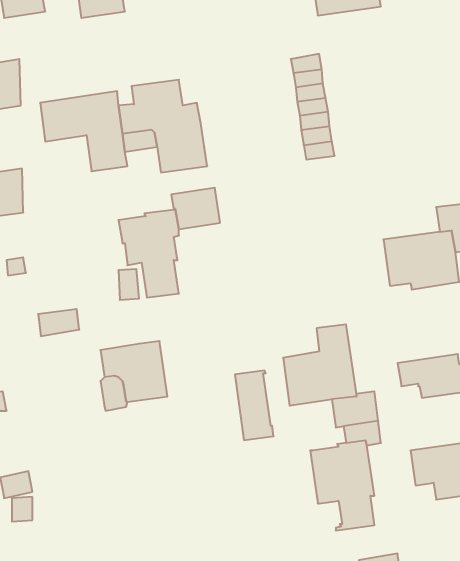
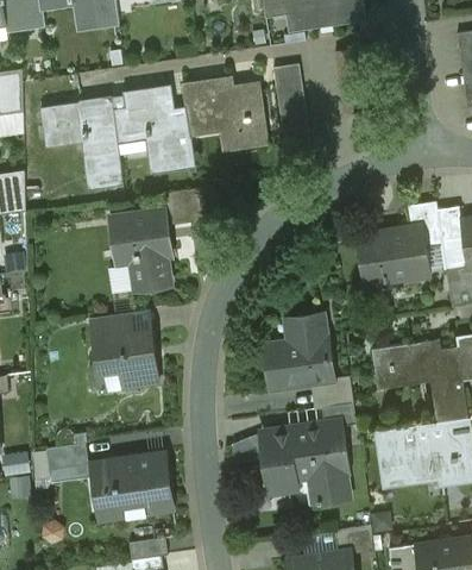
building: none -> [181,79,265,149]
building: [38,309,79,336] -> [93,313,131,338]
building: [235,371,274,440] -> [263,428,298,493]
building: none -> [45,443,88,471]
building: none -> [94,453,171,520]

